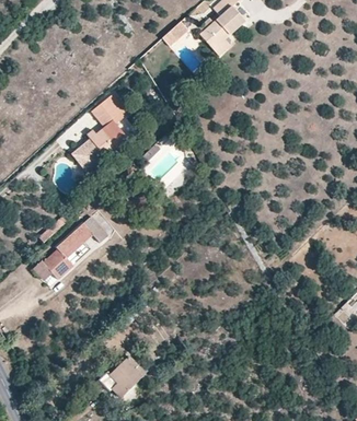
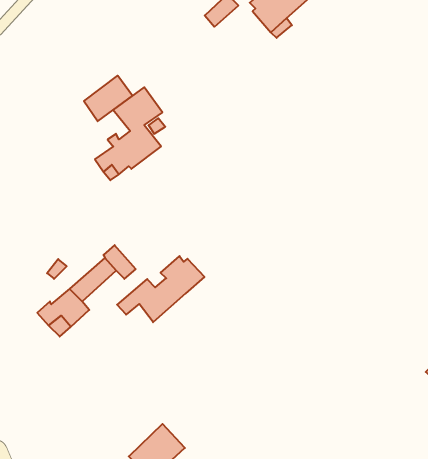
building: none -> [84,76,133,121]
building: none -> [117,256,204,322]

